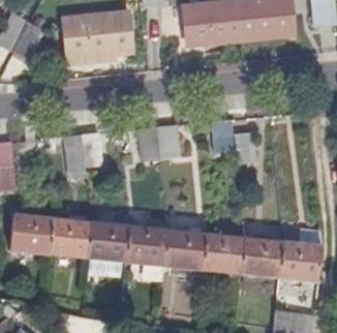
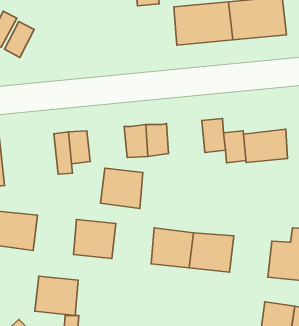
building: [66,12,131,57] -> none
building: none -> [243,129,288,163]
building: [42,217,86,256] -> [35,276,78,315]
building: [121,225,163,266] -> [101,168,143,208]
building: [239,238,281,279] -> none

